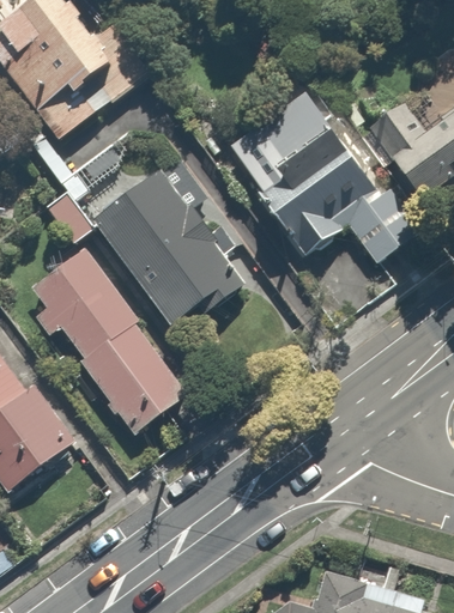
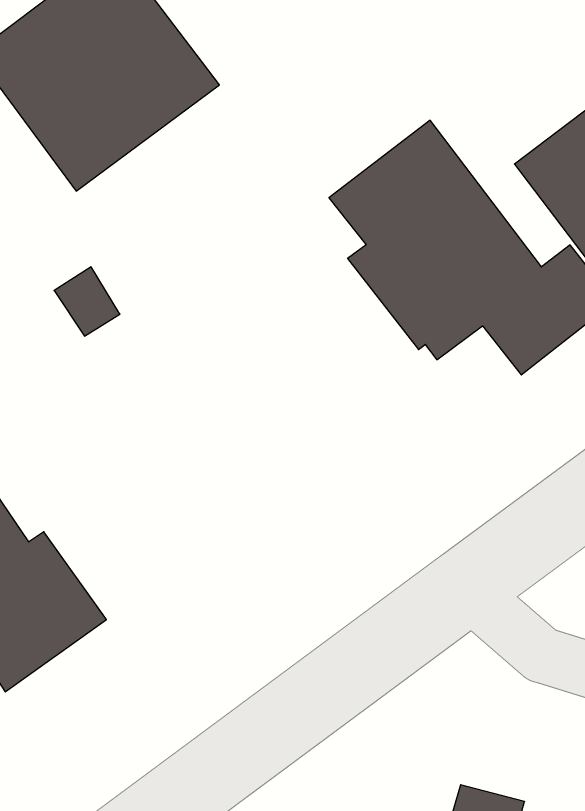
building: [90,164,248,336] -> none
building: [29,248,192,443] -> none

